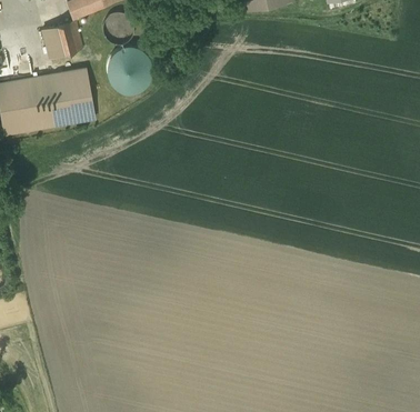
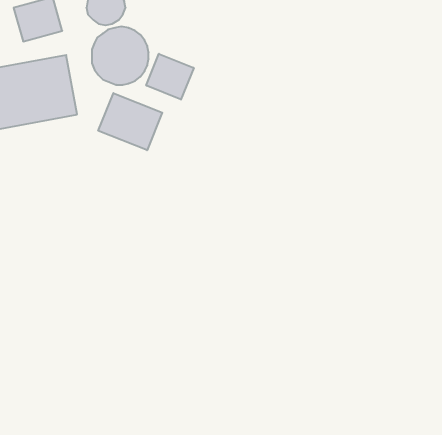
building: none -> [146,54,194,100]
building: none -> [98,93,162,150]

